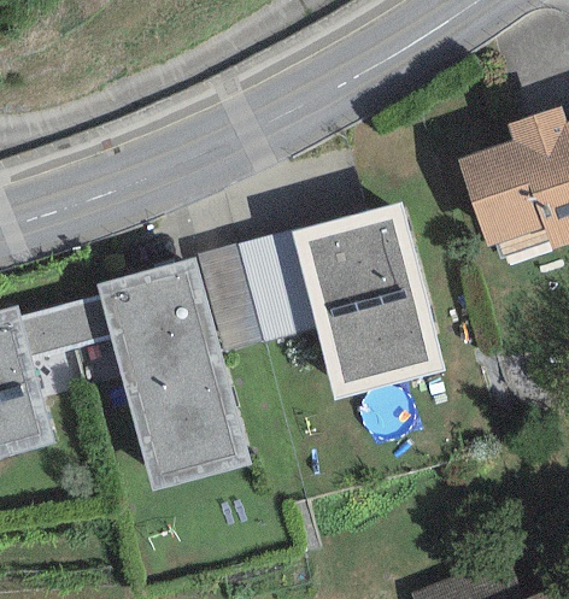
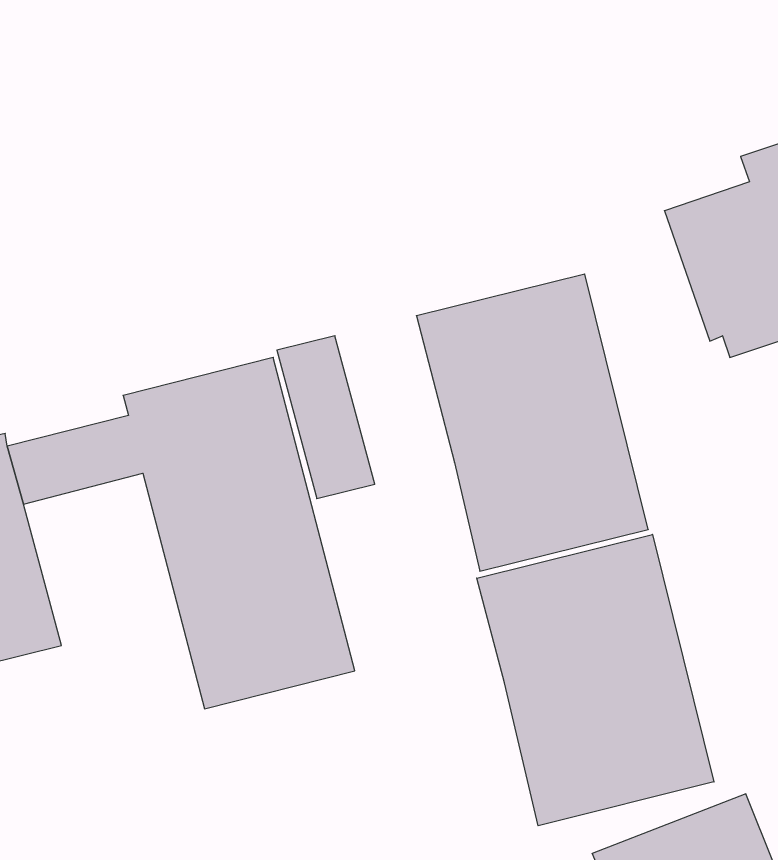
building: [236,230,316,342] -> none
building: none -> [477,534,714,826]

